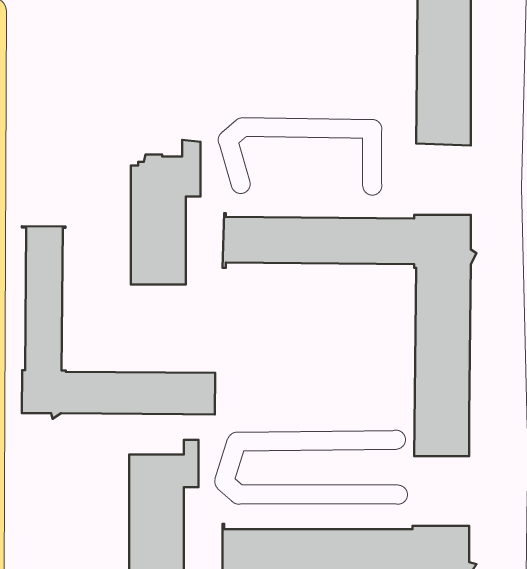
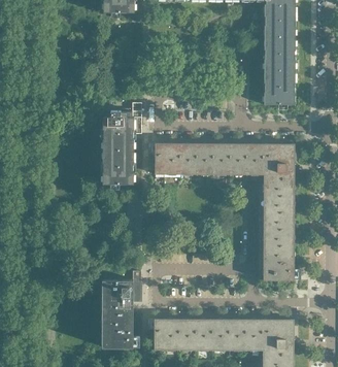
building: [22,226,215,419] -> none

